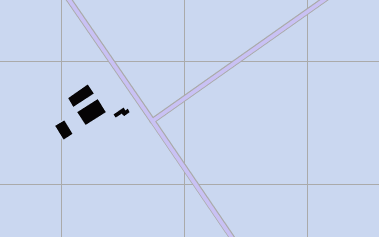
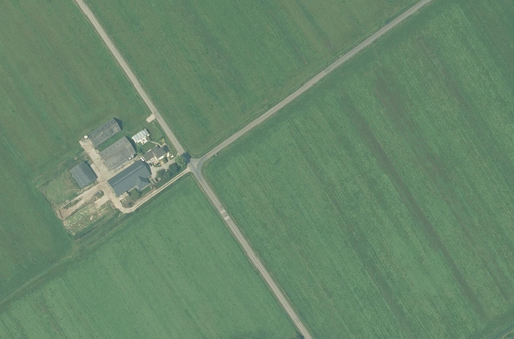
building: none -> [107,159,150,197]

